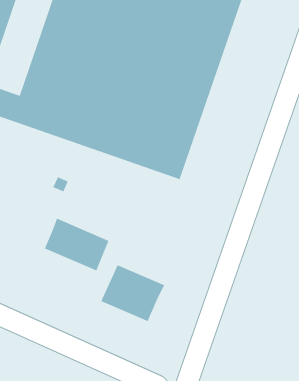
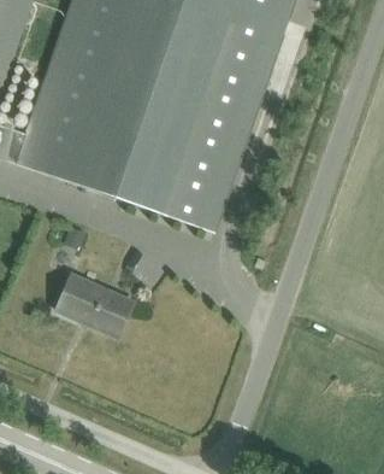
building: [100,264,165,322] -> none

